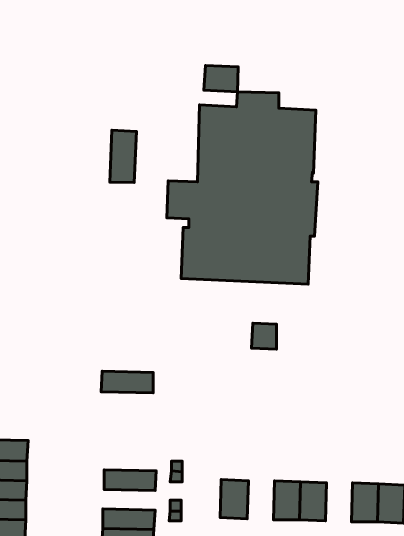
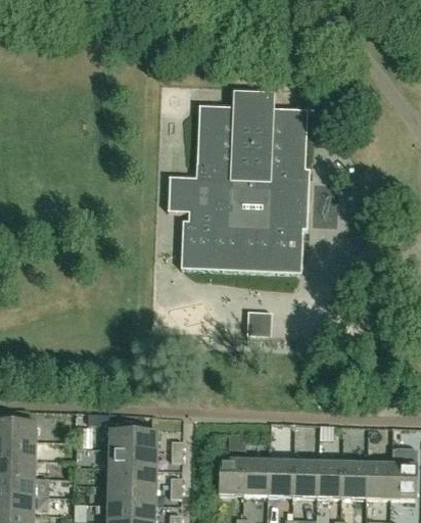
building: [204,66,238,92] -> none
building: [110,130,136,183] -> none
building: [101,371,153,393] -> [108,428,157,448]
building: none -> [243,458,269,494]
building: none -> [317,460,342,496]
building: none -> [107,466,156,485]

